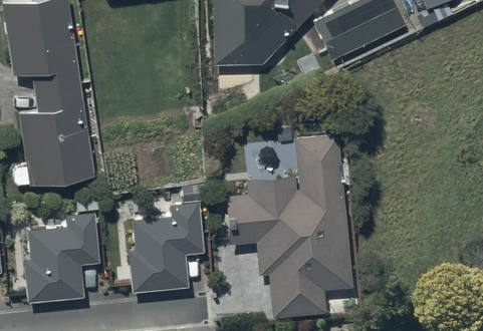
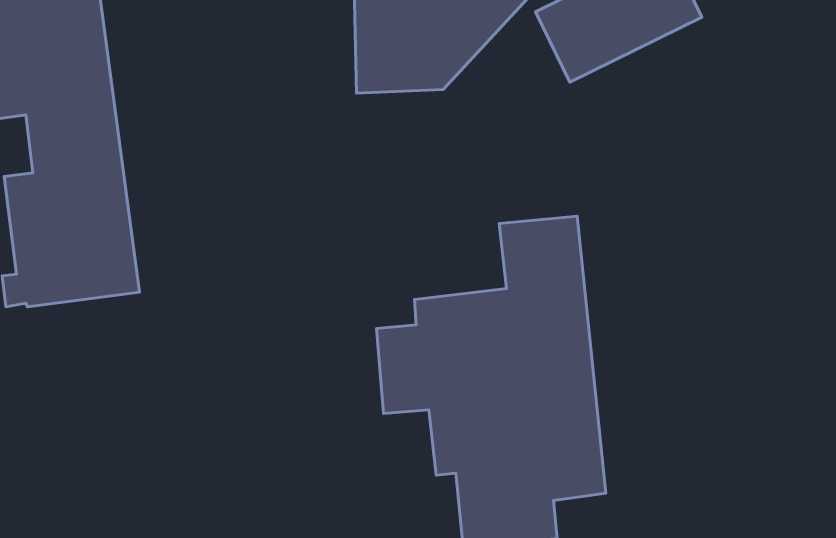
building: [129,178,208,284] -> none
building: [24,209,99,299] -> none

